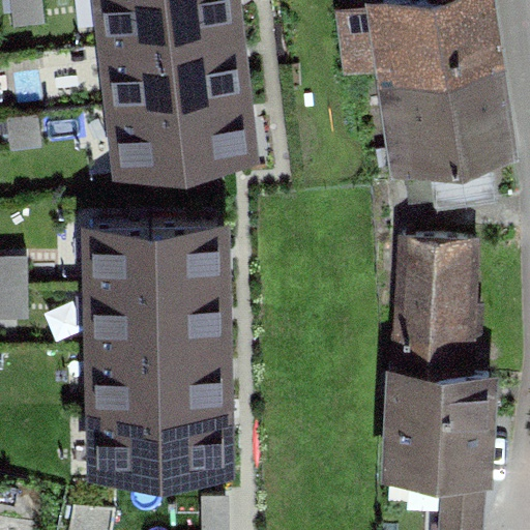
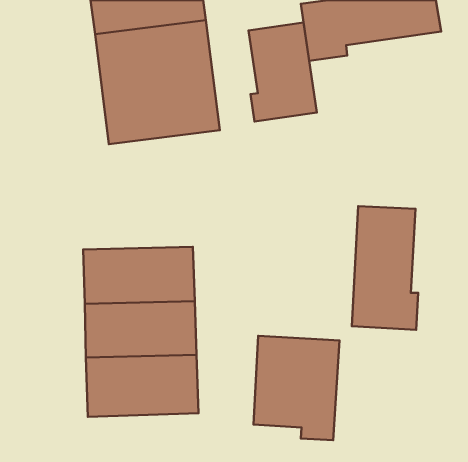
building: none -> [248,23,317,122]
building: [388,47,510,208] -> none
building: [91,224,216,291] -> none
building: [389,377,485,494] -> [254,336,339,440]

